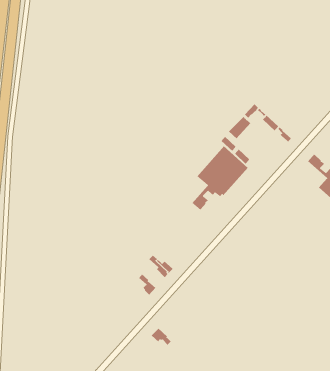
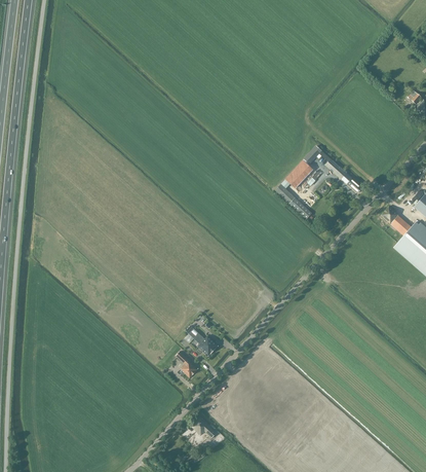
building: [192,146,248,211] -> none

